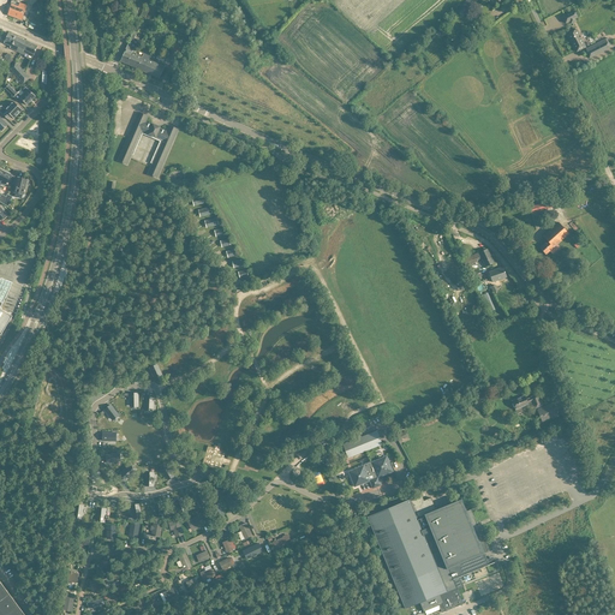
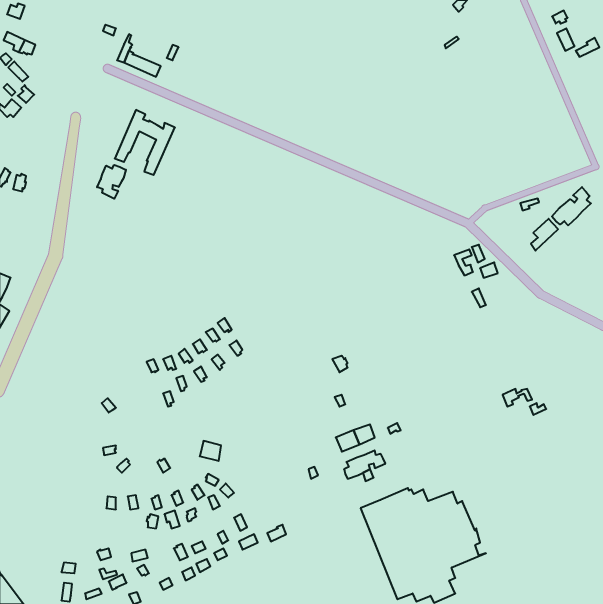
building: none -> [97,165,126,199]
building: none -> [552,187,591,225]

